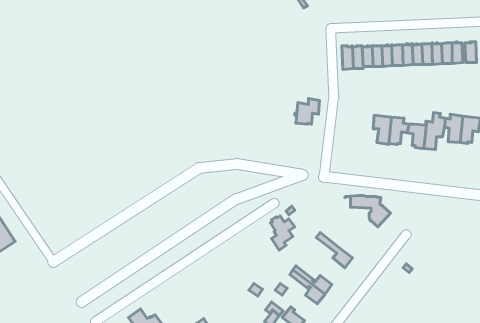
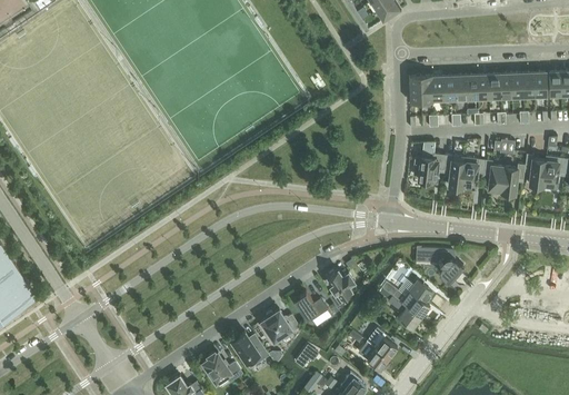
building: [295,99,319,124] -> [417,154,445,182]
building: none -> [381,282,431,318]
building: none -> [292,292,327,322]
building: none -> [260,310,299,343]
building: none -> [231,333,269,369]
building: none -> [202,353,242,384]

